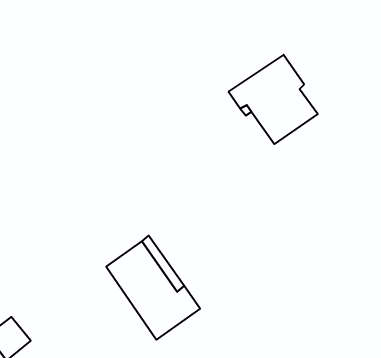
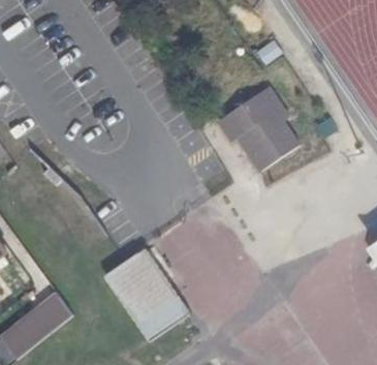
building: none -> [19,294,70,343]

